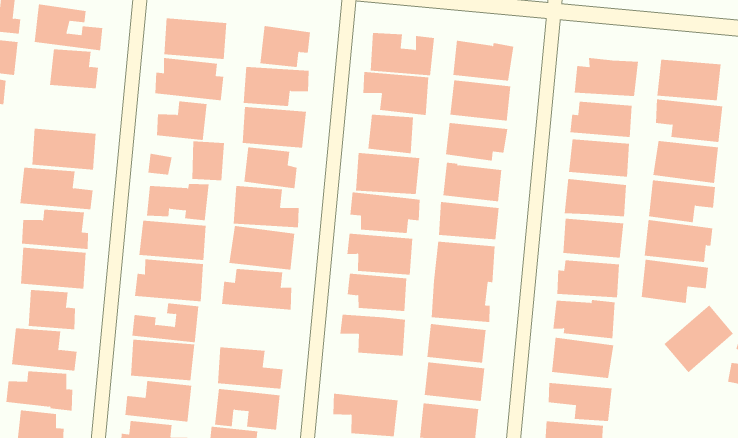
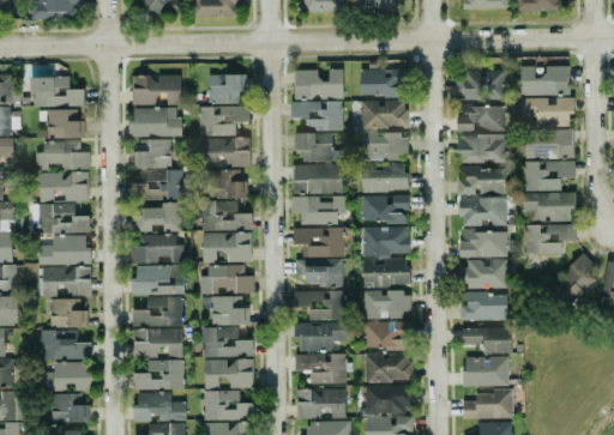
building: none -> [35,141,90,170]
building: none -> [201,296,249,326]
building: none -> [294,322,347,351]

